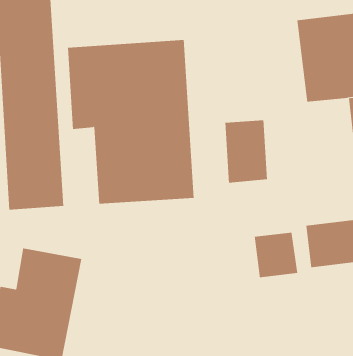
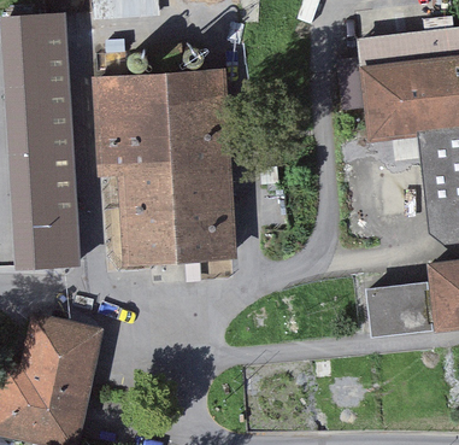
building: [225,120,268,184] -> none
building: [254,232,298,278] -> none

